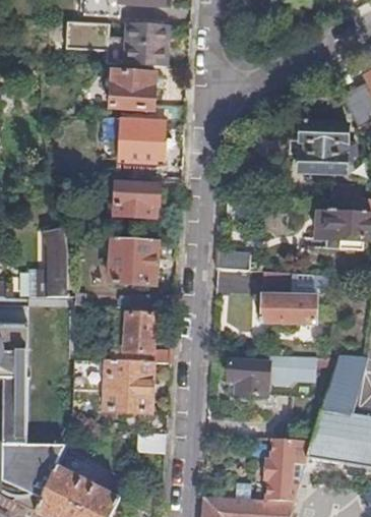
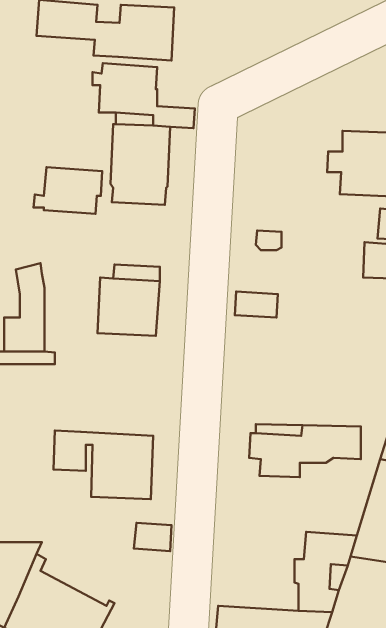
building: [106,184,160,221] -> [33,167,102,214]
building: [261,272,329,325] -> none
building: [124,313,172,363] -> none

